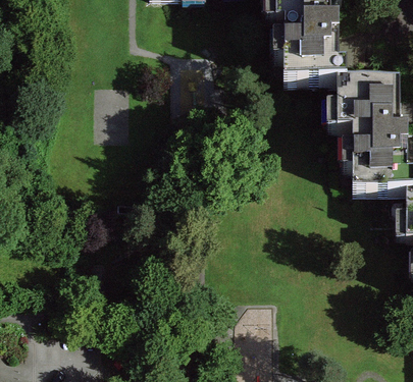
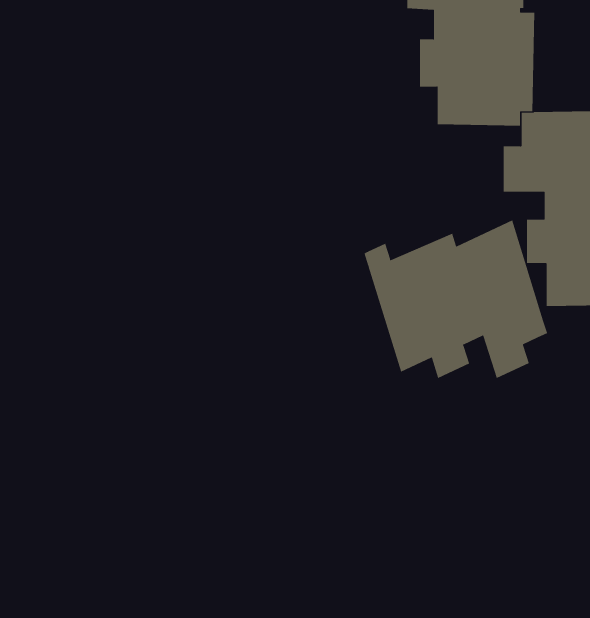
building: none -> [364,219,548,379]

